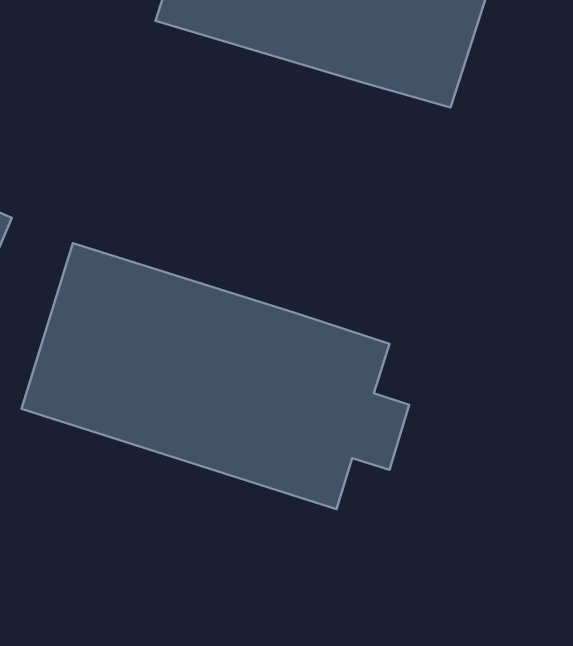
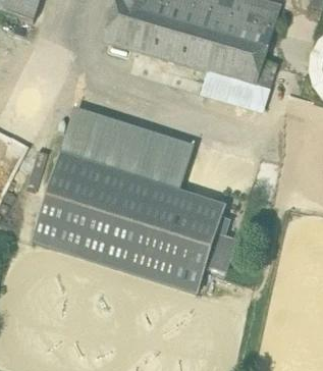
building: none -> [204,59,276,106]
building: none -> [59,115,189,192]

